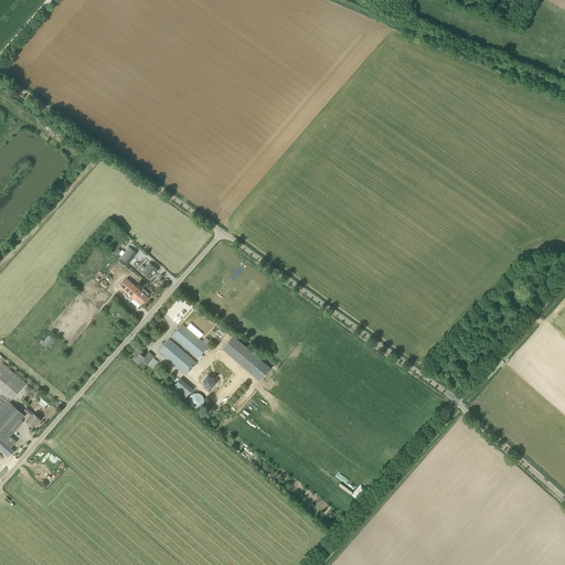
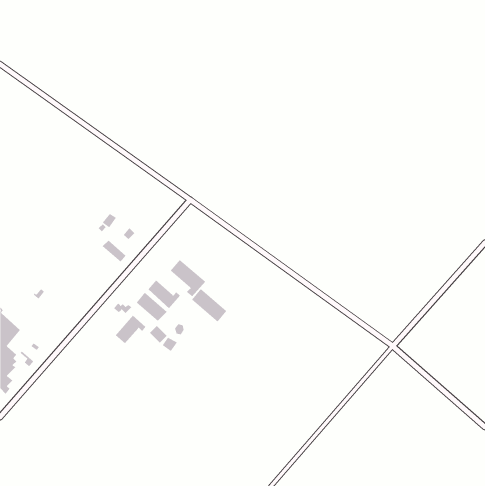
building: none -> [170,259,206,297]
building: none -> [115,315,146,344]

